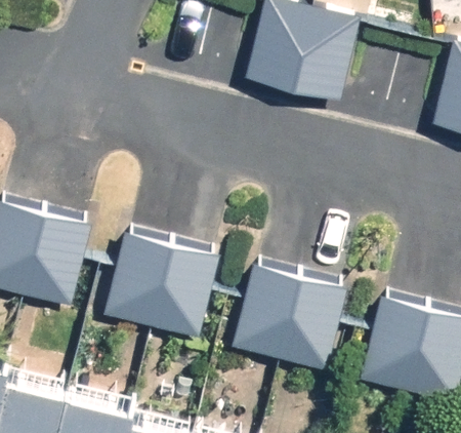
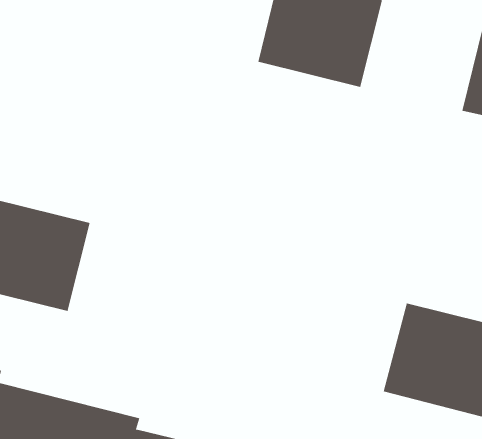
building: [107,237,216,339] -> none
building: [236,269,342,371] -> none

